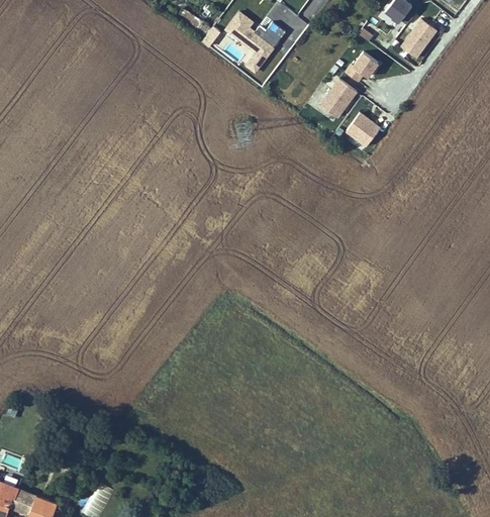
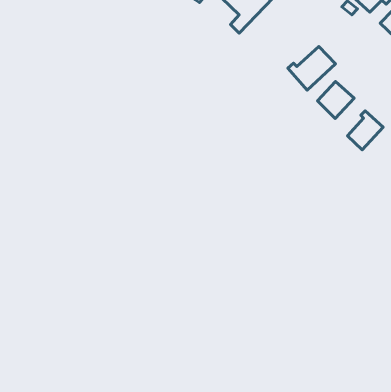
building: [345,47,379,84] -> none
building: none -> [347,111,383,150]

